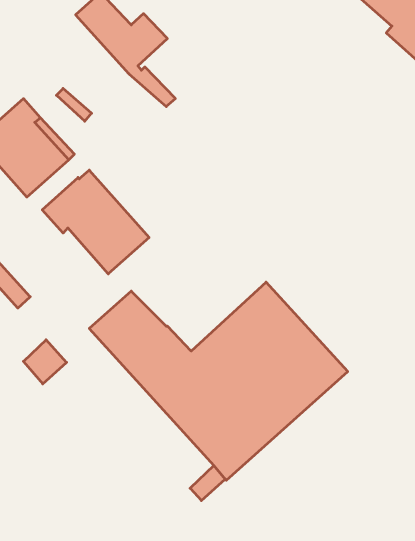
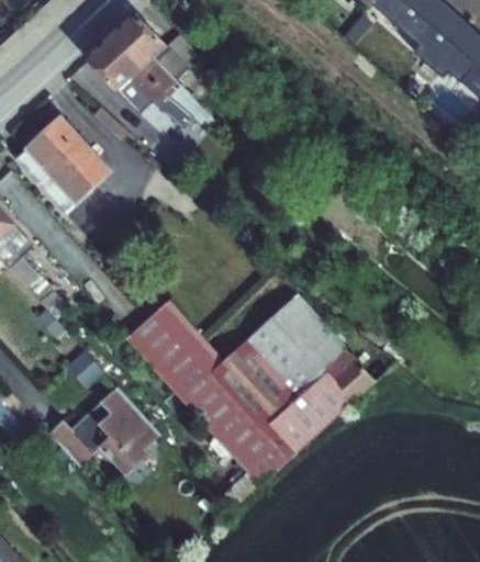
building: none -> [87,34,191,128]
building: [42,170,149,274] -> none
building: none -> [46,385,158,474]

